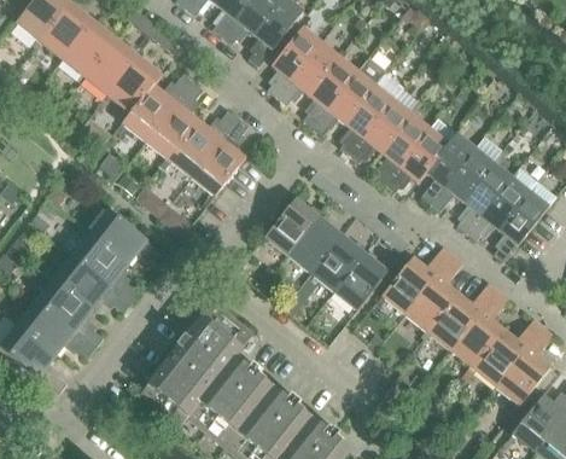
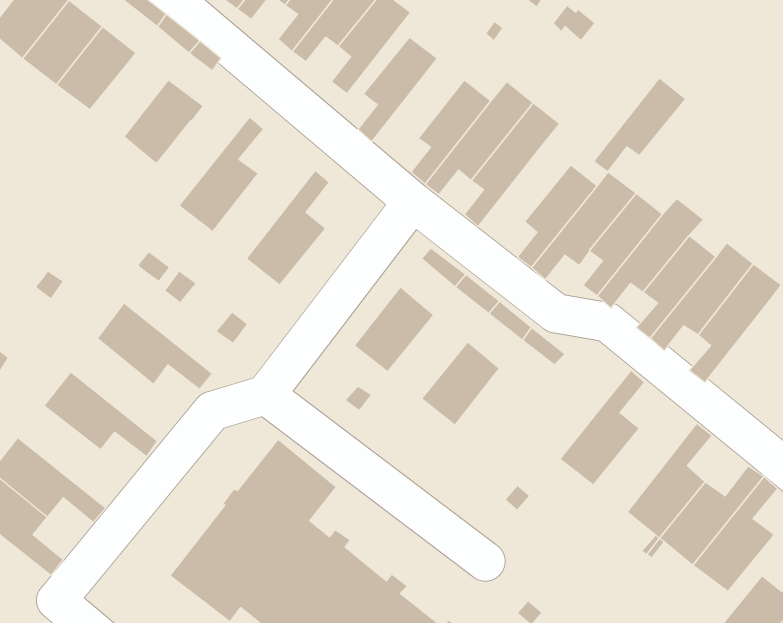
building: [86,37,139,94] -> none
building: [278,41,340,105] -> none
building: [122,74,194,141] -> none
building: [350,99,413,163] -> [594,78,686,172]
building: [169,109,239,178] -> none
building: [288,216,343,273] -> none
building: [72,232,140,302] -> none
building: [383,246,454,314] -> none
building: [334,252,389,310] -> none
building: [36,278,104,348] -> none
building: [428,283,498,350] -> none

